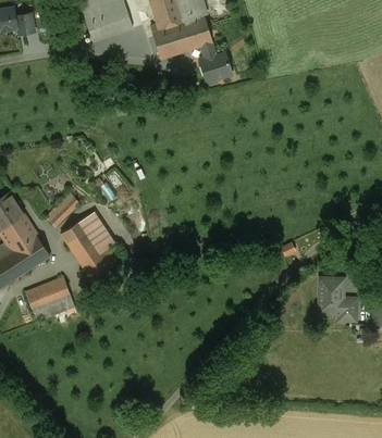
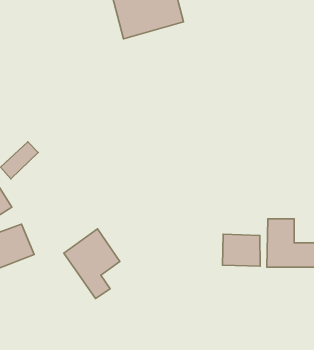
building: [59,211,116,283] -> [64,229,120,298]
building: none -> [222,234,260,266]

